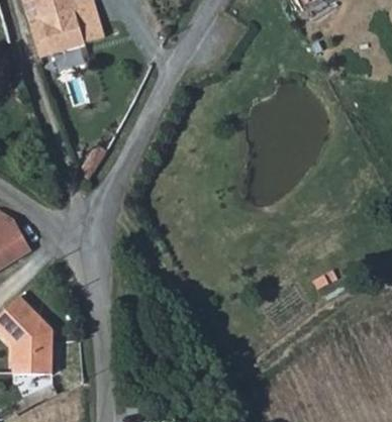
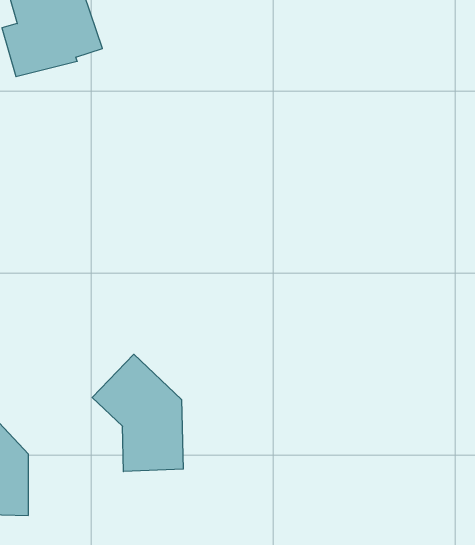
building: none -> [92,354,183,472]

